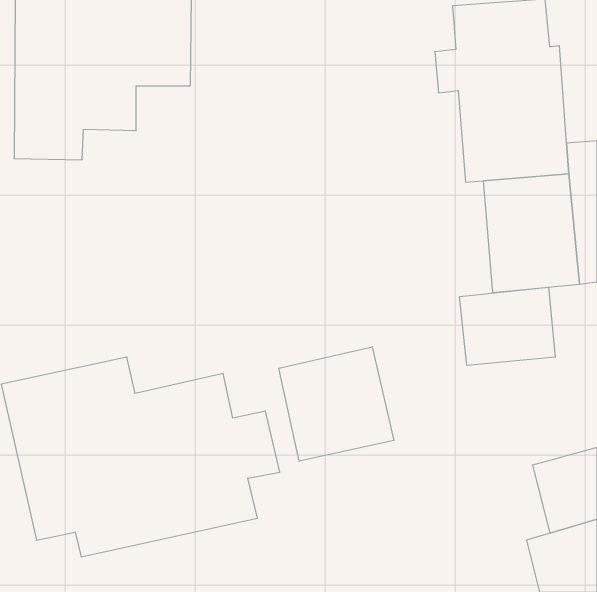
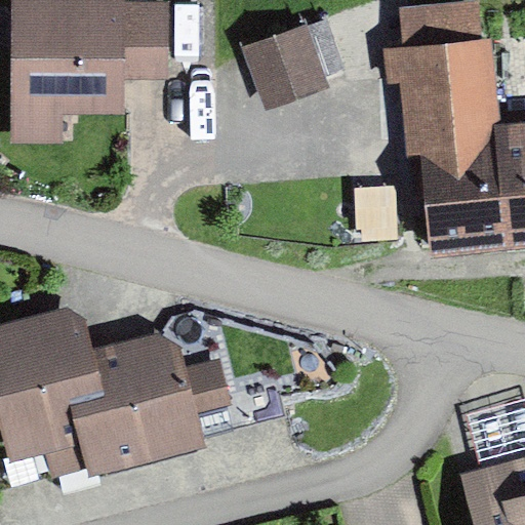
building: none -> [242,16,341,108]
building: [459,287,555,365] -> none
building: [279,347,394,461] -> none

